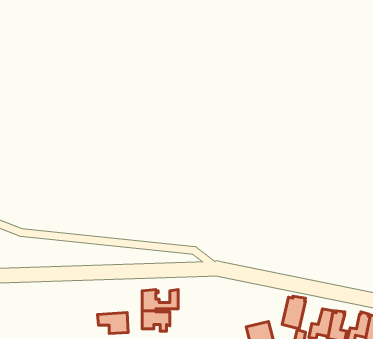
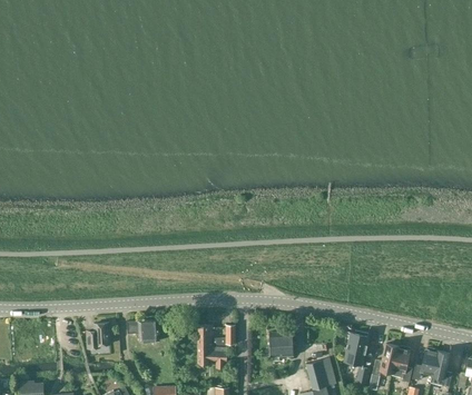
building: none -> [87,324,110,348]
building: none -> [269,332,293,357]
building: [97,312,128,334] -> [127,320,159,343]

